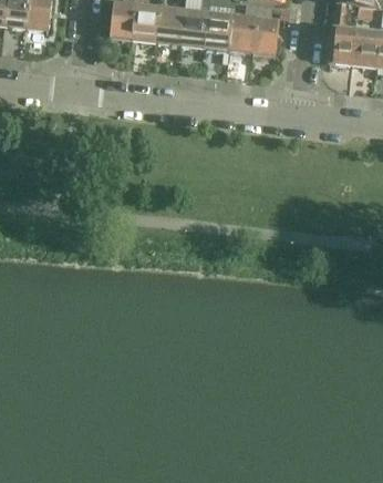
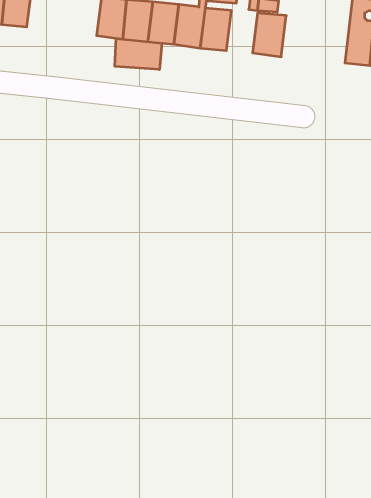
building: [227,14,255,52] -> none
building: none -> [115,39,162,70]

